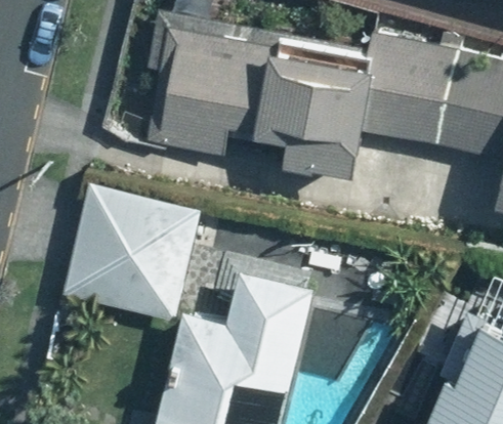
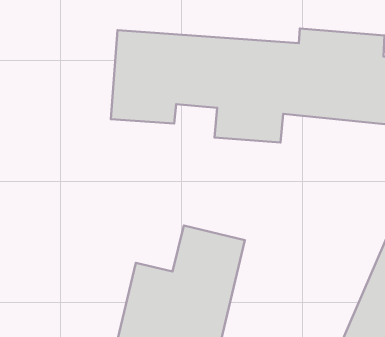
building: [62,180,203,320] -> none

